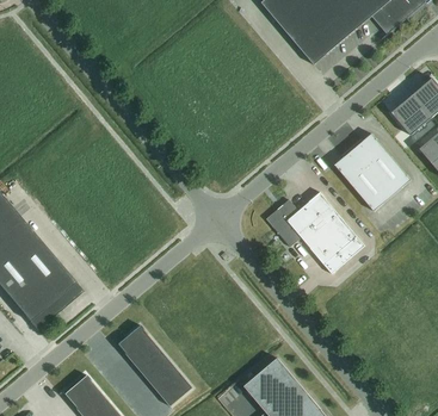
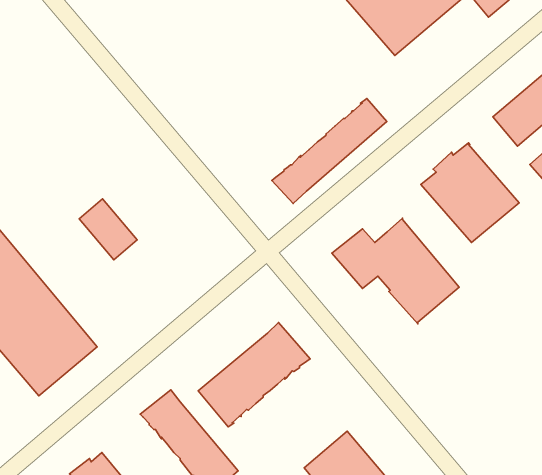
building: none -> [272,98,387,203]
building: none -> [79,199,137,260]
building: none -> [198,323,310,427]

